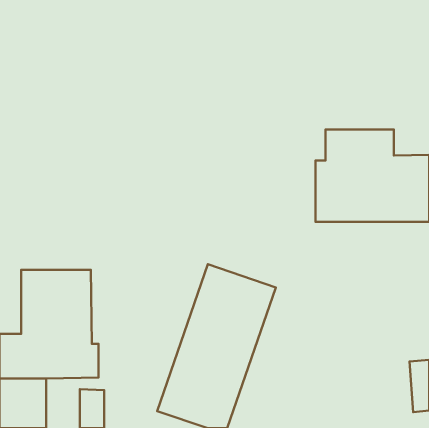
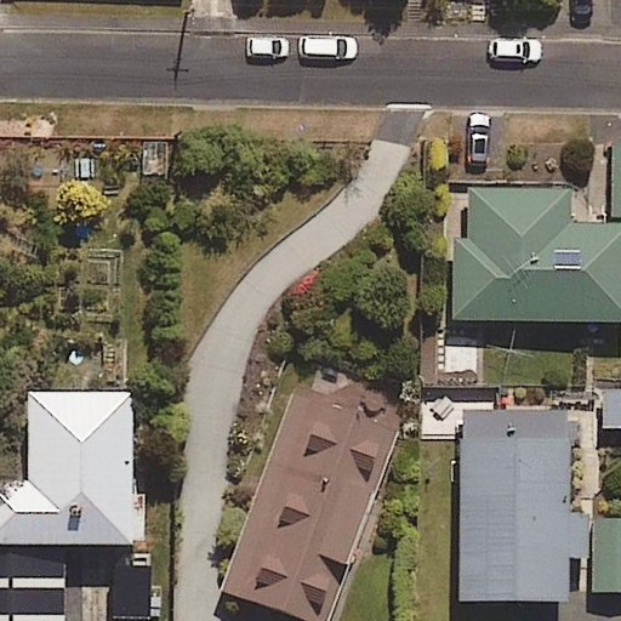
building: none -> [460,409,587,602]

